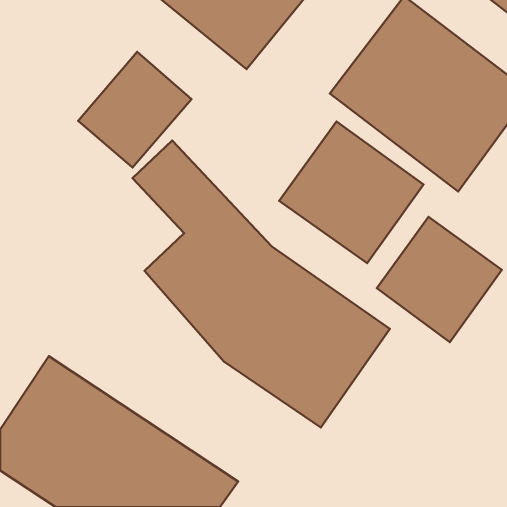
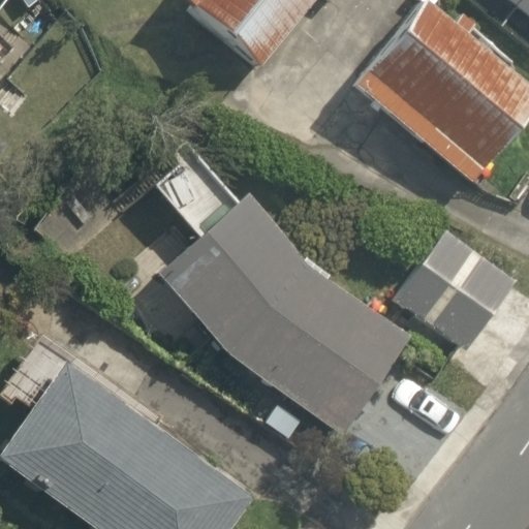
building: [78,52,191,167] -> none
building: [279,122,424,263] -> none

